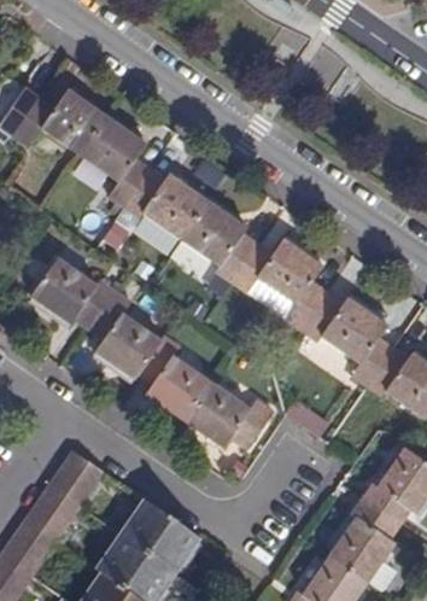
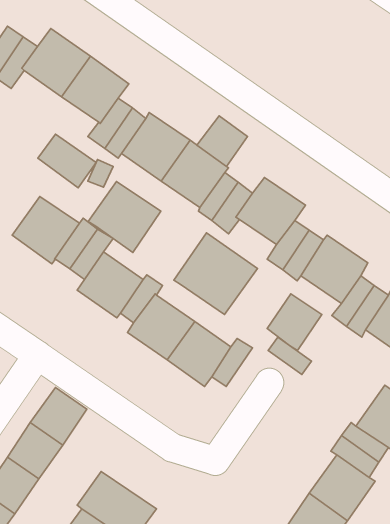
building: none -> [197,116,247,166]
building: none -> [38,134,96,188]
building: none -> [88,181,161,253]
building: none -> [174,233,258,315]
building: none -> [267,294,322,351]
building: [119,497,199,571] -> none

